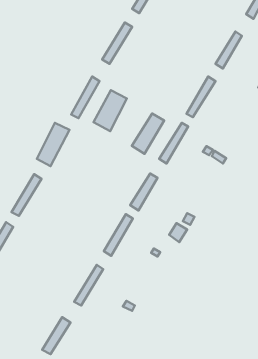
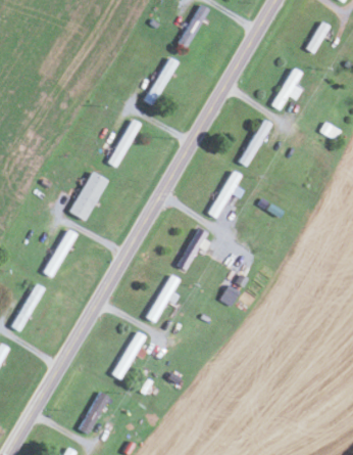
building: [93,90,127,131] -> none
building: [132,113,164,154] -> none

